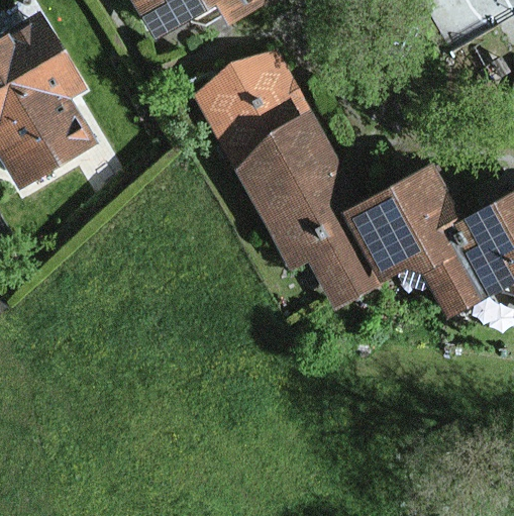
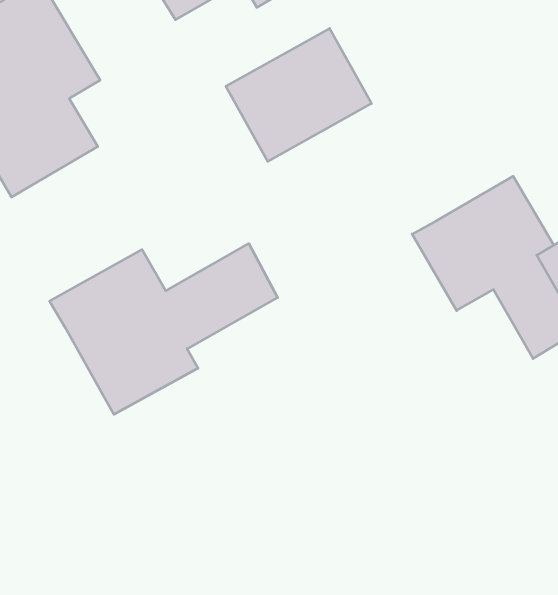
building: [227,109,382,306] -> none
building: none -> [50,244,278,414]

